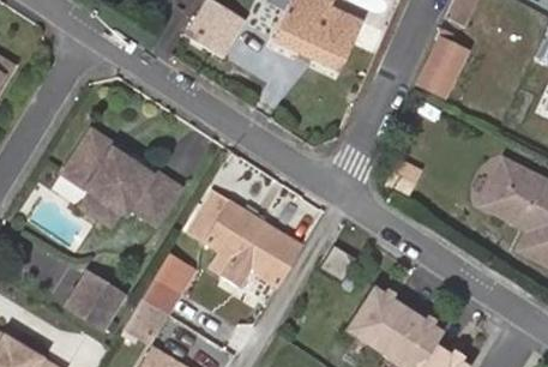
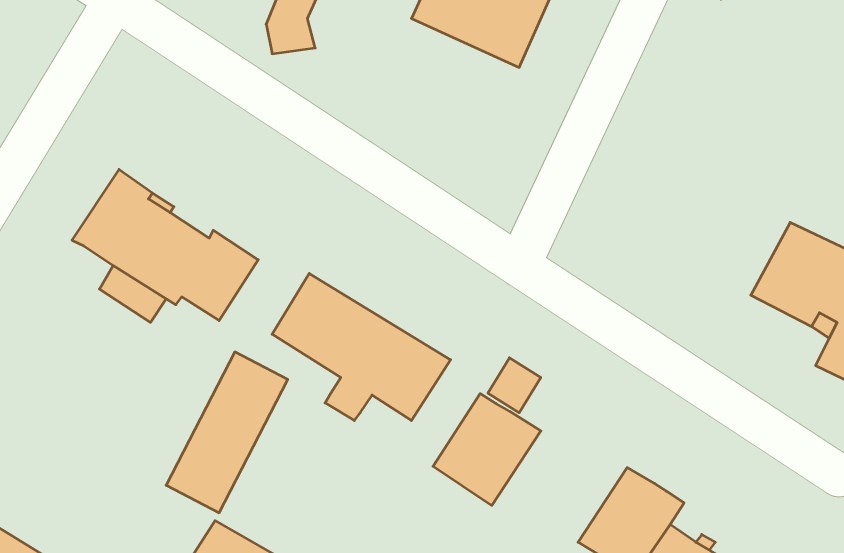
building: [421,38,468,94] -> none
building: [68,271,122,325] -> none
building: [342,289,408,357] -> [433,394,541,505]

